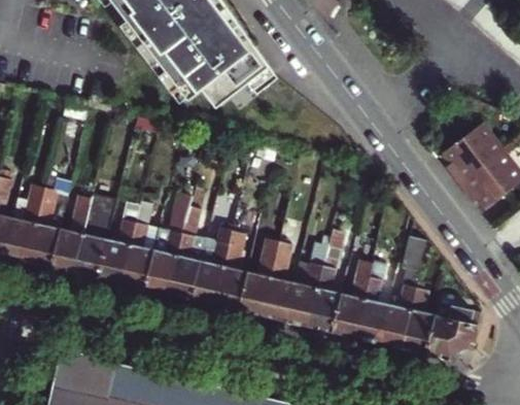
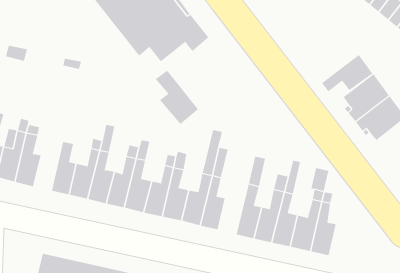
building: none -> [321,54,373,92]
building: none -> [155,70,199,125]
building: [51,206,89,272] -> none
building: [286,261,324,328] -> none
building: [427,306,475,361] -> none

